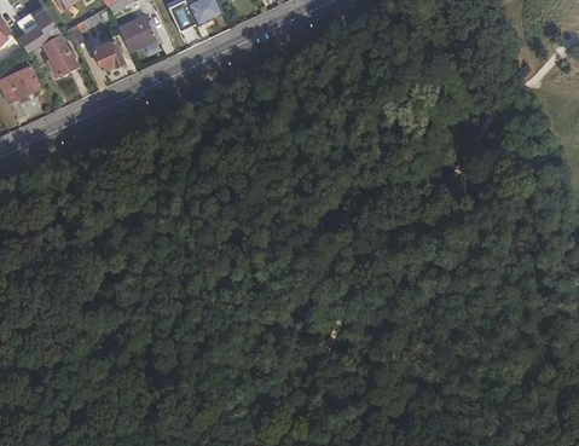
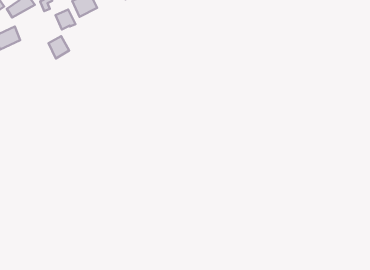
building: [44,41,75,75] -> [49,36,69,58]

